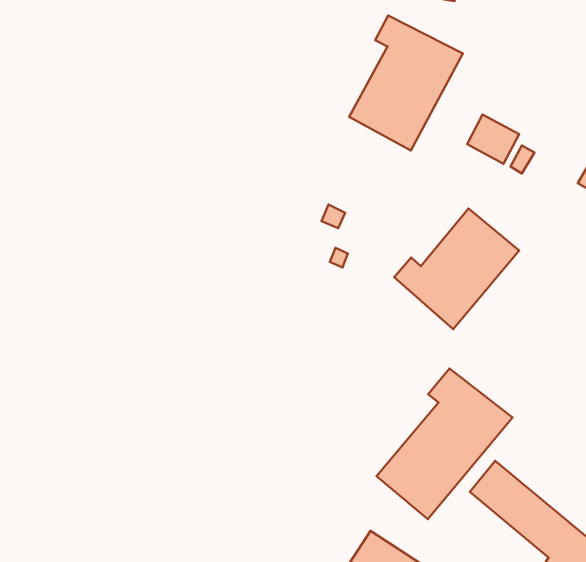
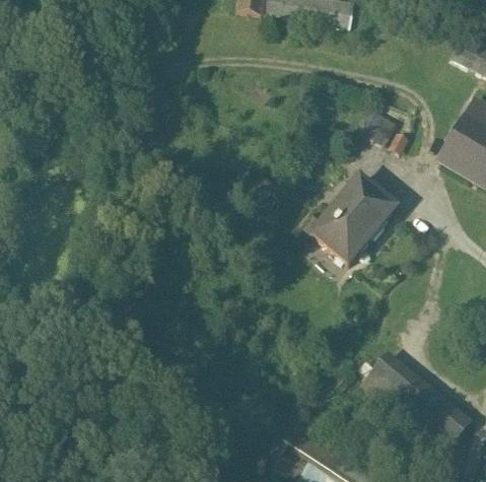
building: [349,16,463,150] -> none
building: [377,368,512,519] -> none

